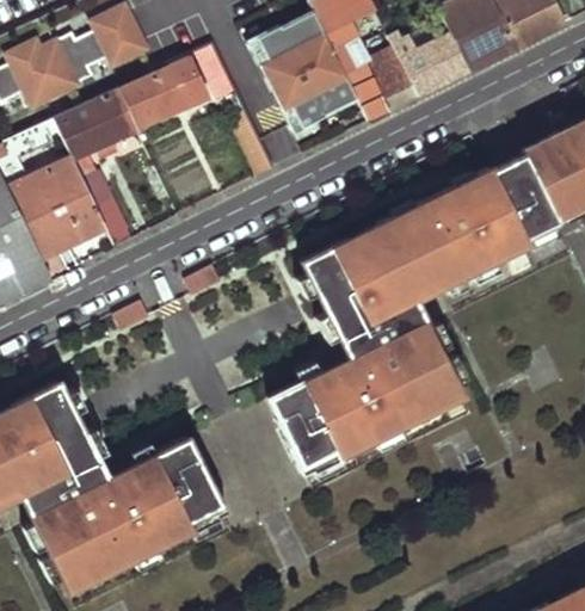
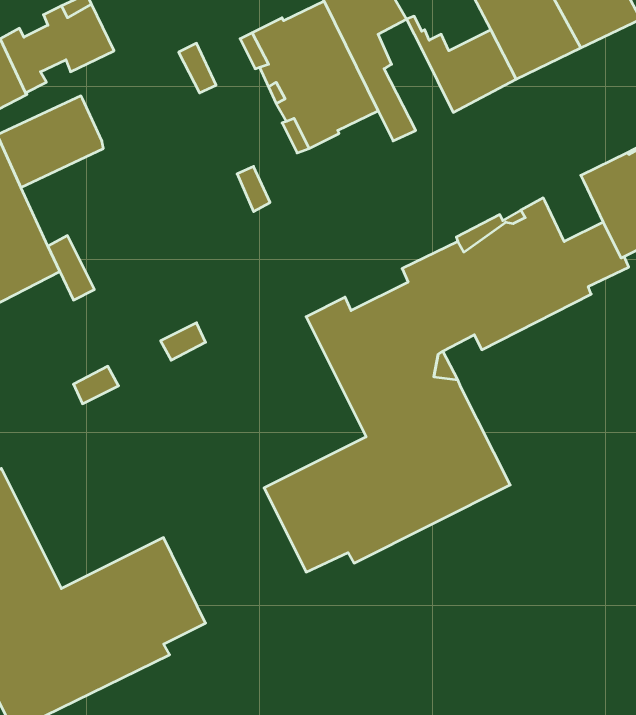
building: [364,49,419,113] -> none
building: [124,58,207,122] -> none
building: [492,154,538,202] -> none

